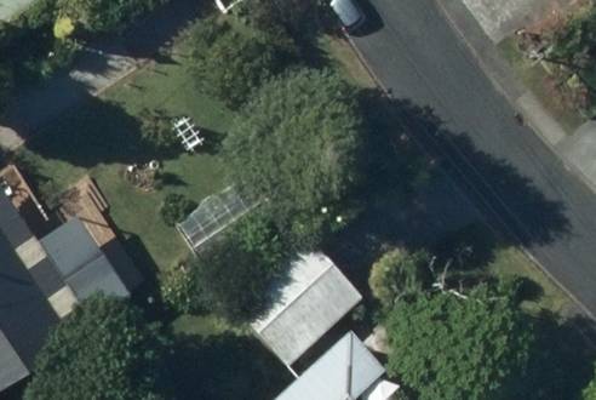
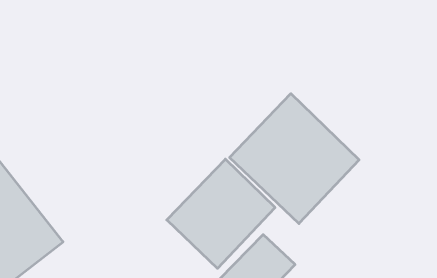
building: none -> [230,94,359,224]

